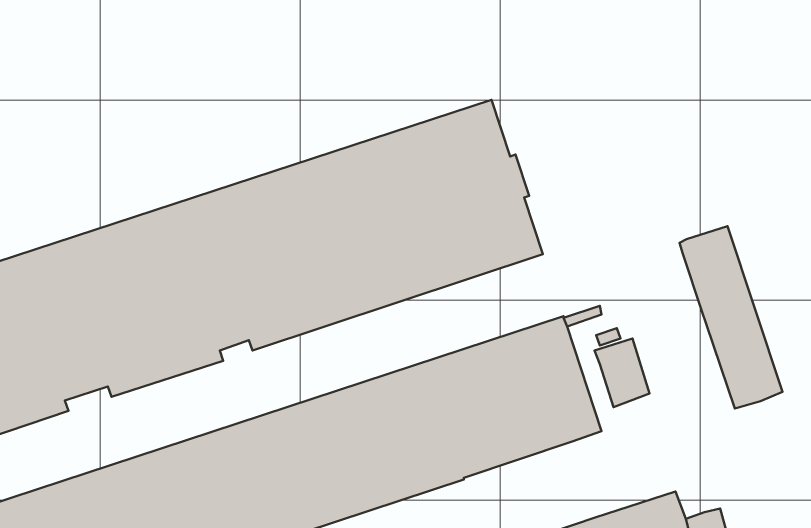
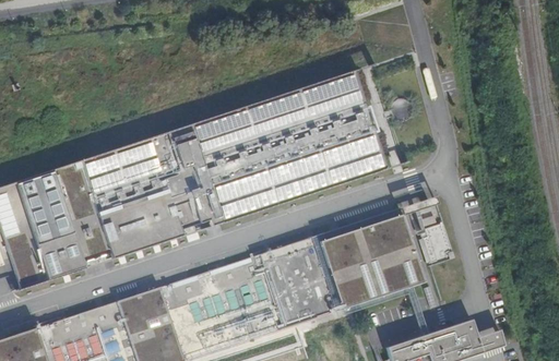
building: [680,226,783,408] -> none

